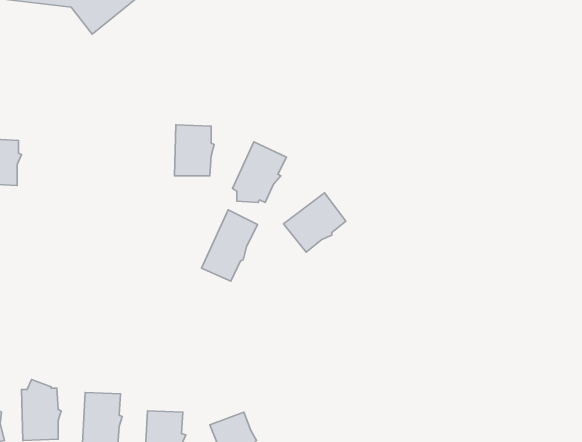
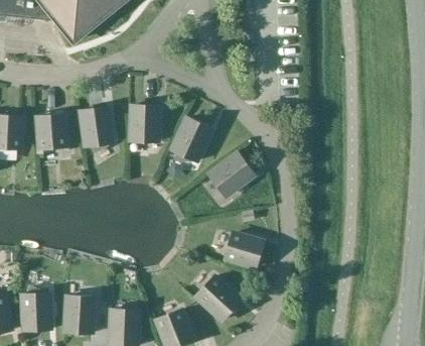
building: none -> [81,107,111,152]
building: none -> [37,114,65,148]
building: [202,210,258,281] -> none
building: none -> [225,233,262,266]
building: none -> [195,276,240,320]

